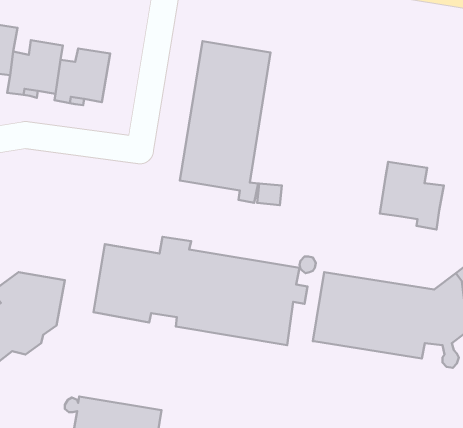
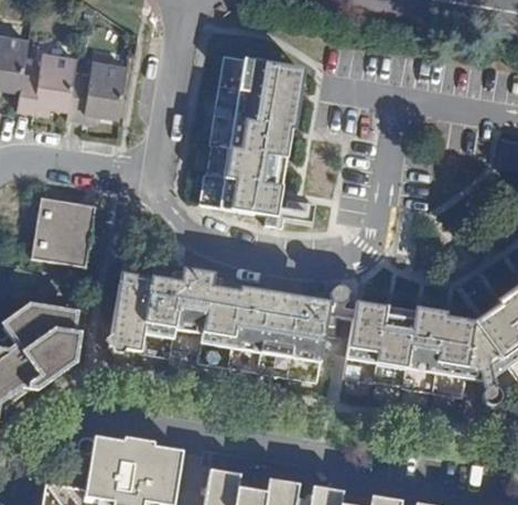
building: [380,162,444,229] -> none
building: none -> [32,196,96,266]

